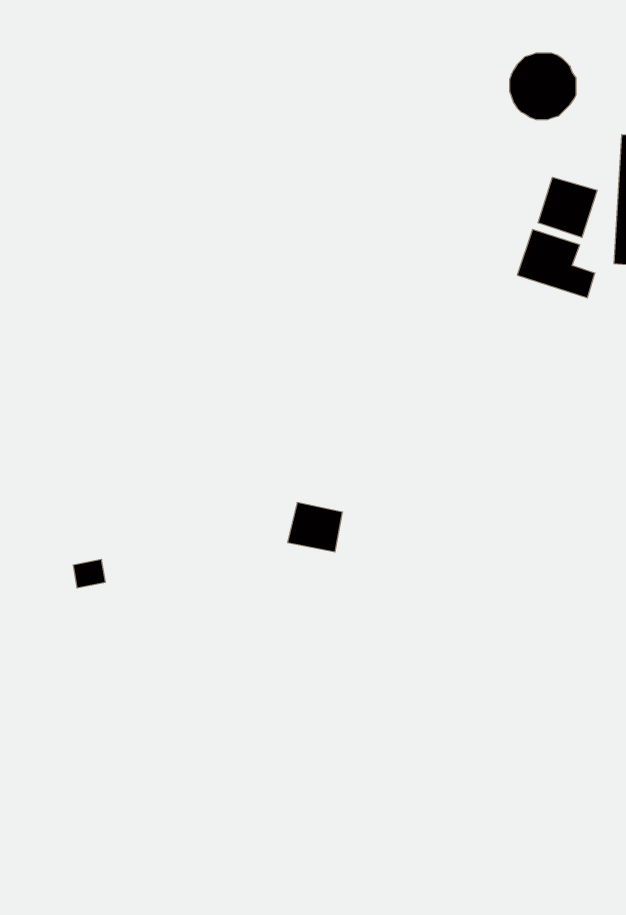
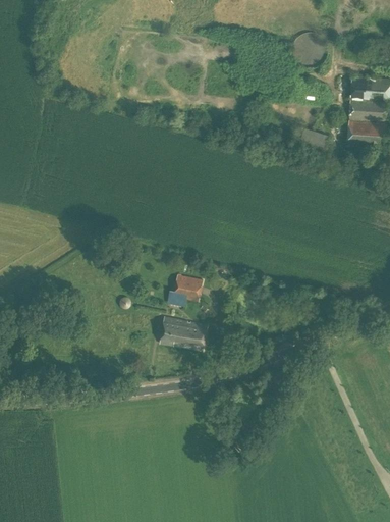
building: [538,177,597,238] -> none
building: none -> [159,315,208,350]

